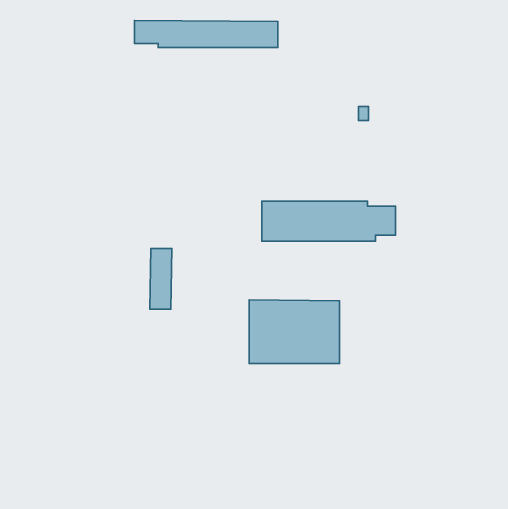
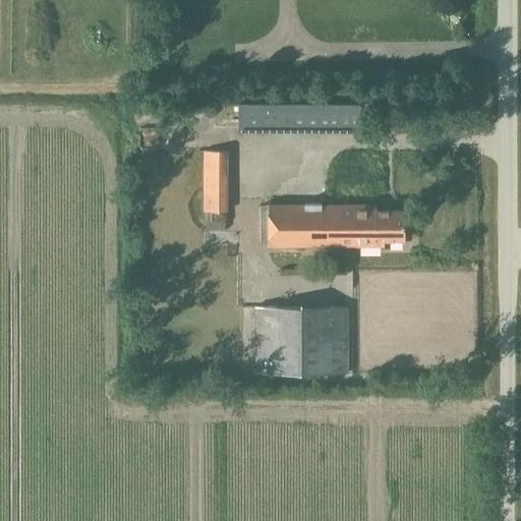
building: [134,21,278,47] -> [215,104,361,131]
building: [150,248,172,309] -> [205,150,227,212]

